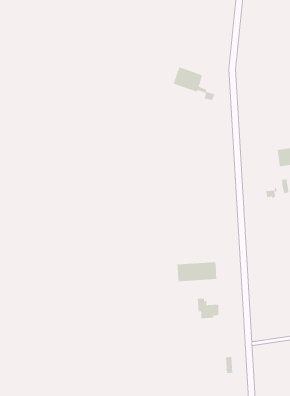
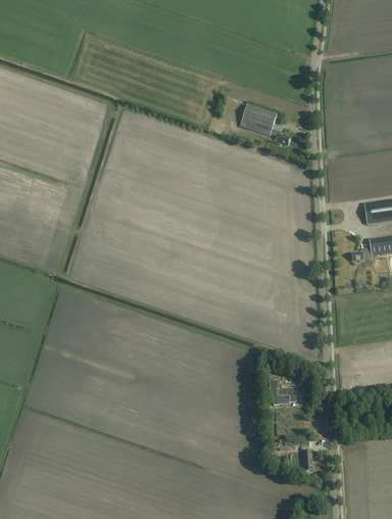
building: [177,262,217,282] -> none

